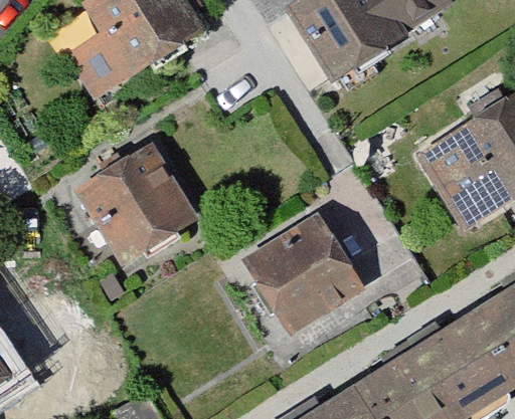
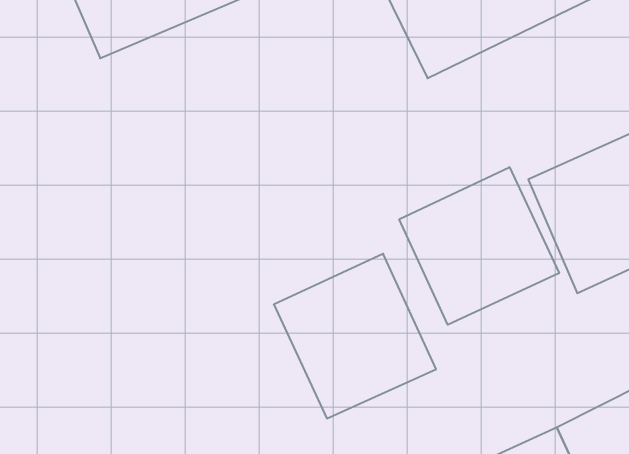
building: none -> [399,167,559,325]
building: [72,142,196,265] -> none

